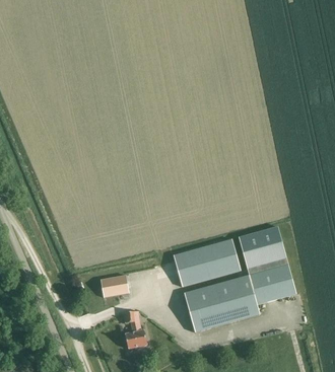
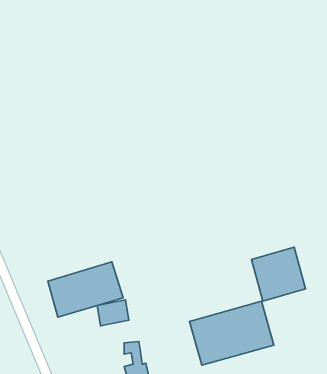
building: [173,237,241,287] -> [48,262,123,317]
building: [249,264,295,304] -> none

